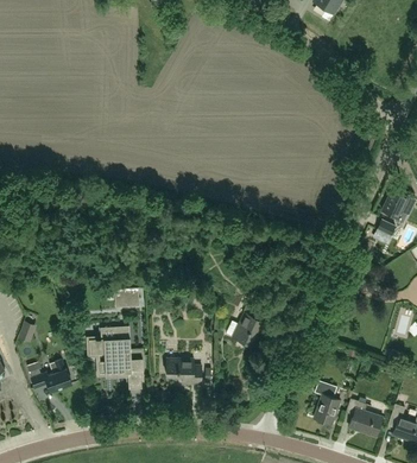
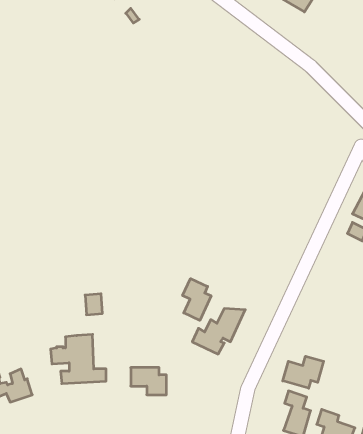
building: none -> [183,279,211,320]
building: none -> [283,356,324,388]

